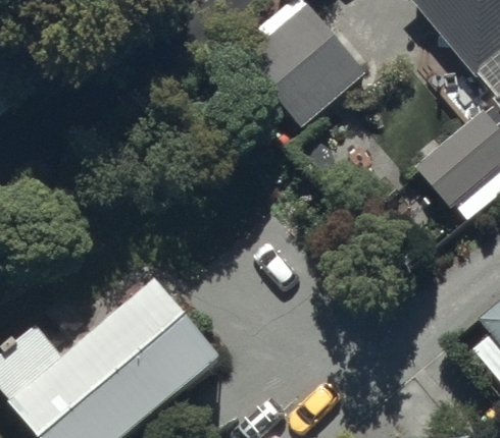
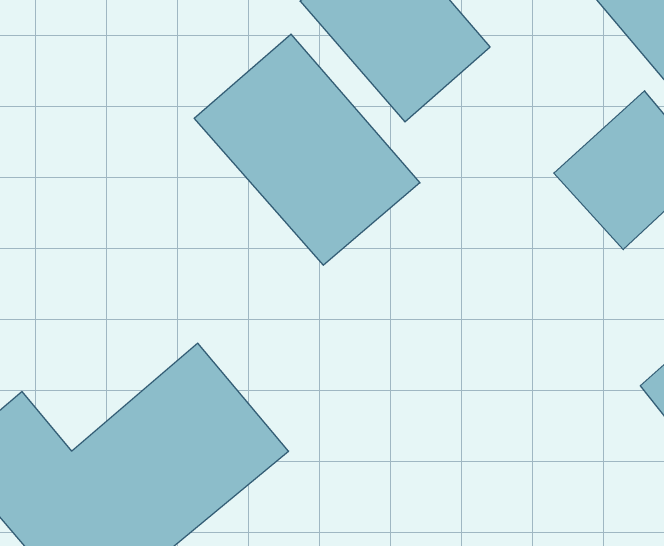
building: none -> [194,34,420,265]

